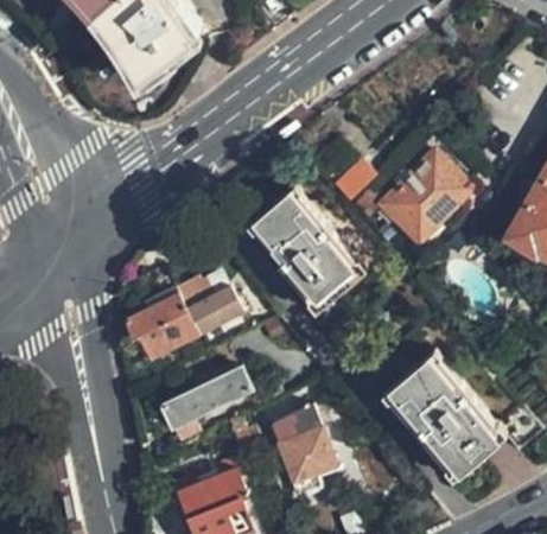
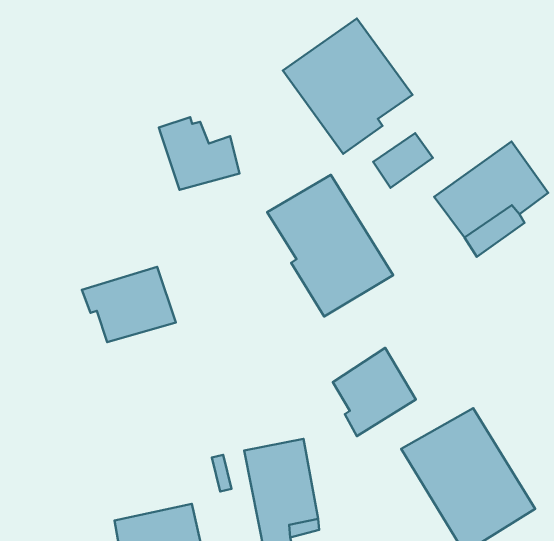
building: none -> [283,18,413,154]
building: [176,276,243,333] -> [159,117,240,190]
building: none -> [333,348,416,436]
building: [160,367,250,430] -> none

